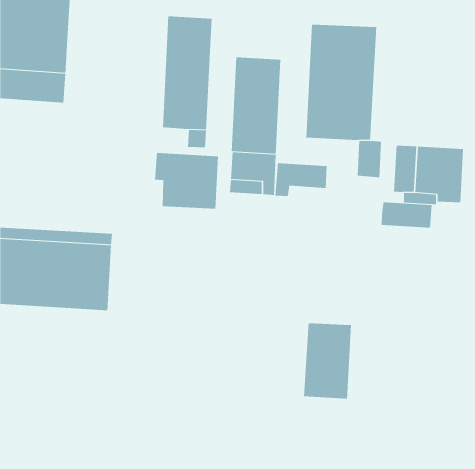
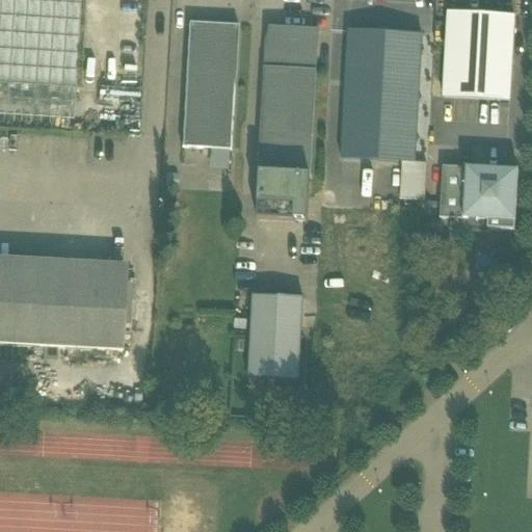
building: none -> [443,7,513,97]
building: none -> [263,22,316,66]
building: [154,152,218,209] -> none
building: [275,163,327,197] -> none
building: [381,202,432,229] -> none
building: [303,323,352,399] -> [247,292,301,377]

